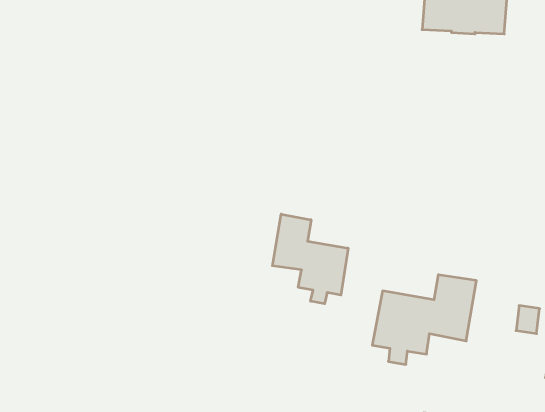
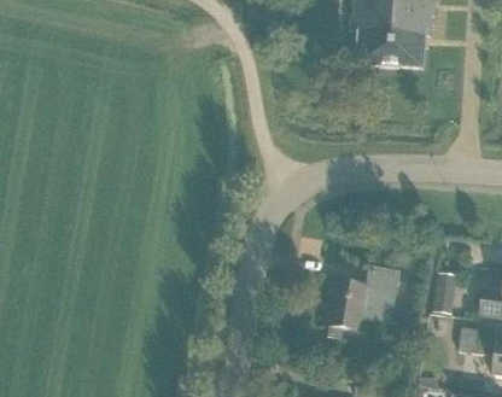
building: [272,214,348,304] -> none

